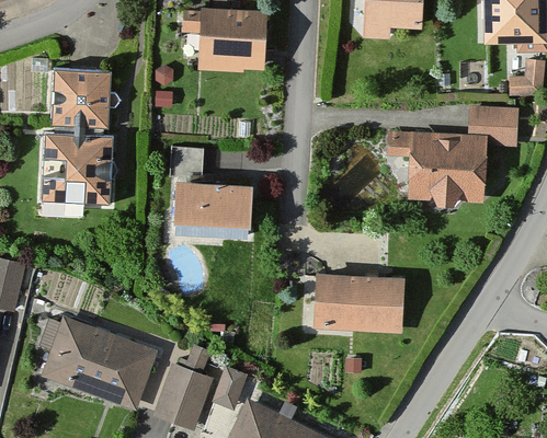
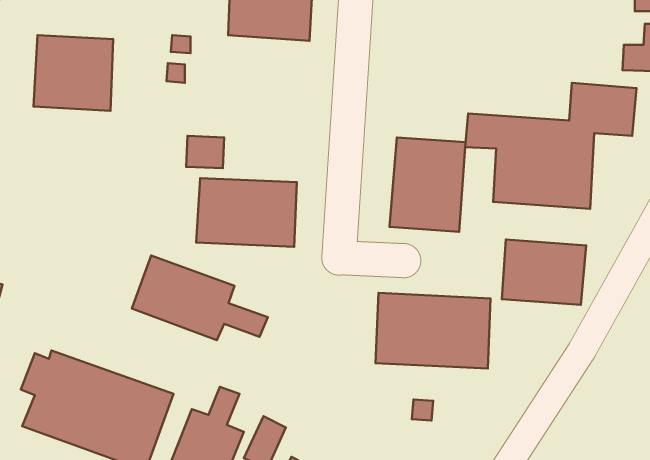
building: [38,132,111,205] -> none
building: none -> [390,137,465,232]
building: none -> [502,240,586,305]
building: none -> [132,256,268,340]

